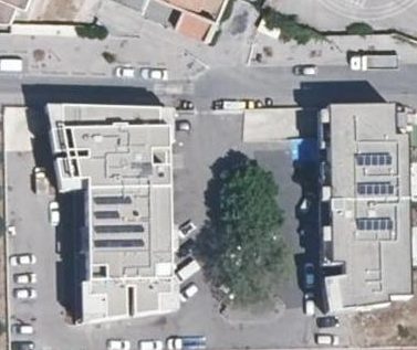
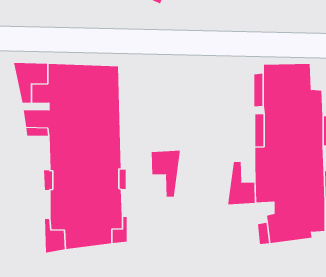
building: none -> [151,150,180,198]
building: none -> [228,161,255,205]

